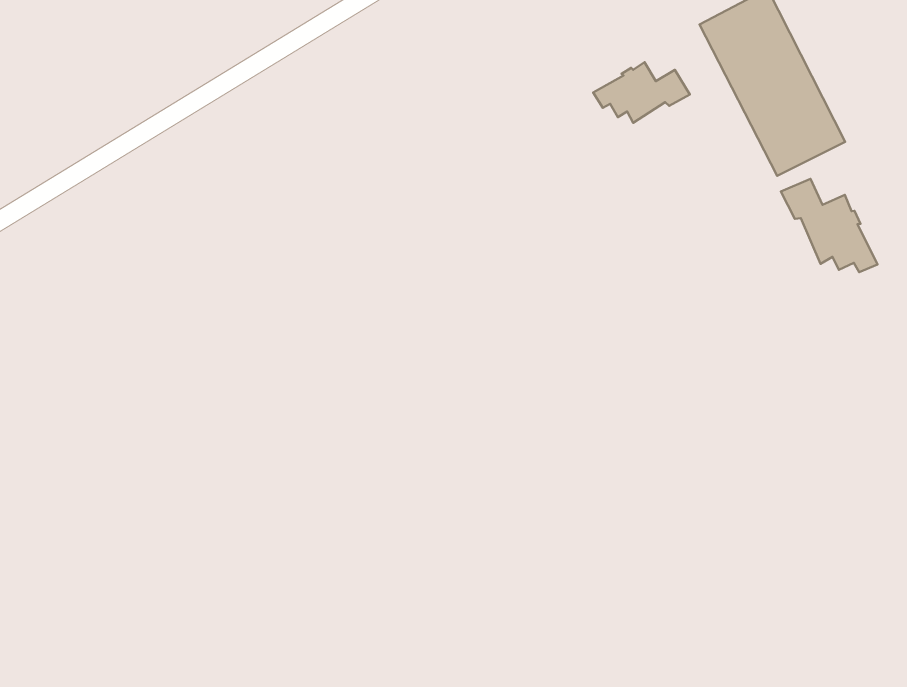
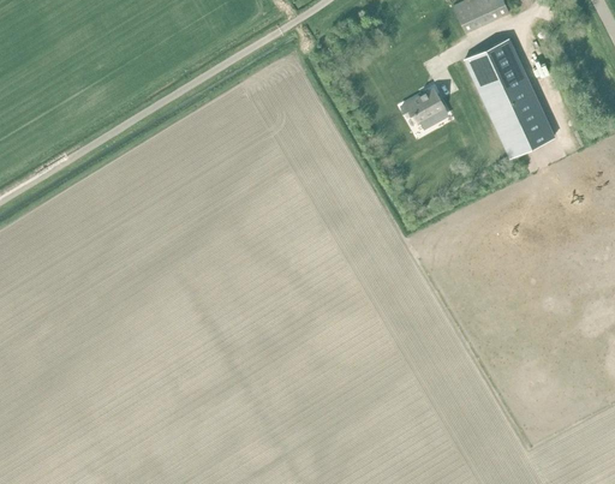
building: [781,179,878,272] -> none

